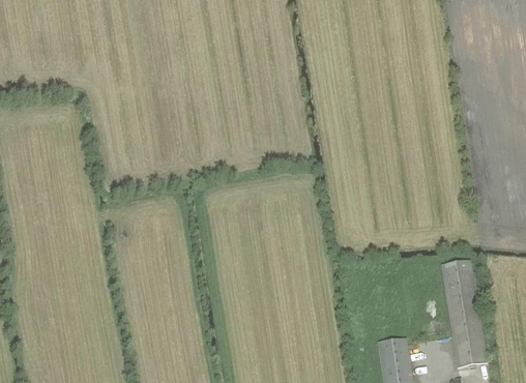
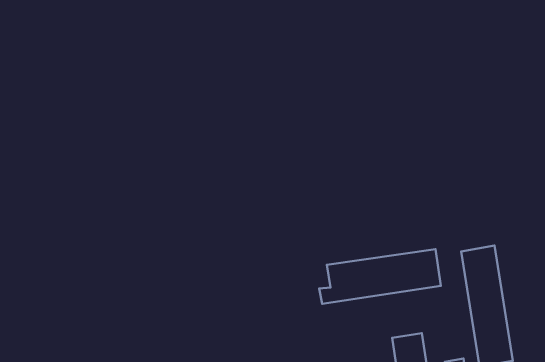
building: none -> [319,249,441,304]

